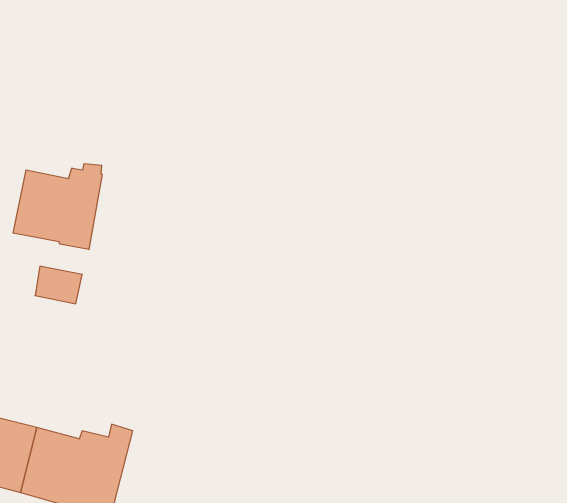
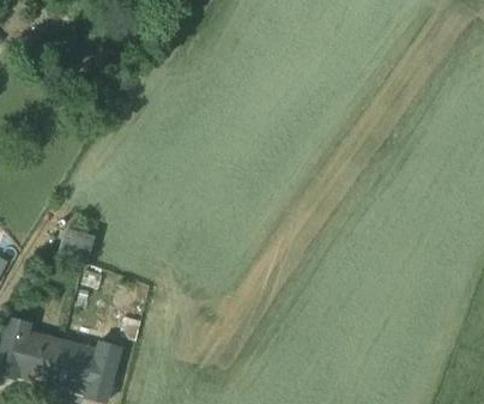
building: [13,164,102,250] -> none

